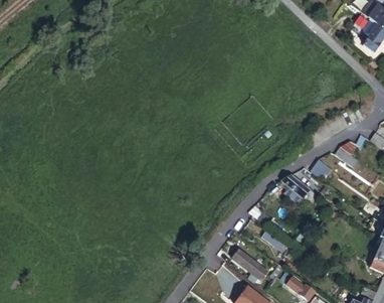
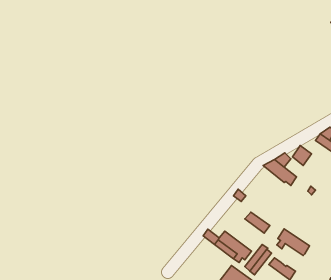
building: none -> [277,229,309,255]

